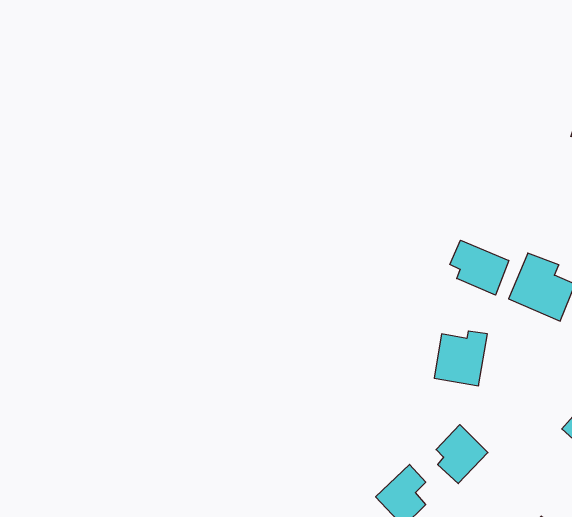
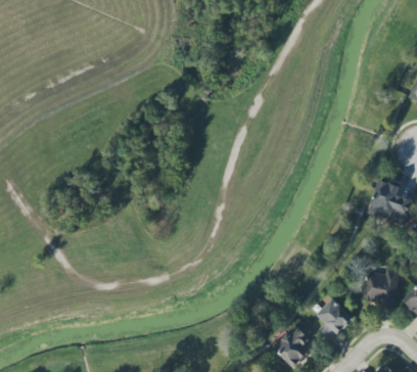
building: [450,240,509,295] -> none
building: [434,331,487,386] -> [364,268,401,306]

